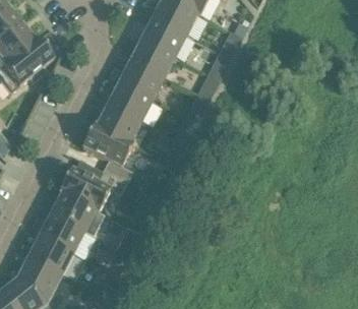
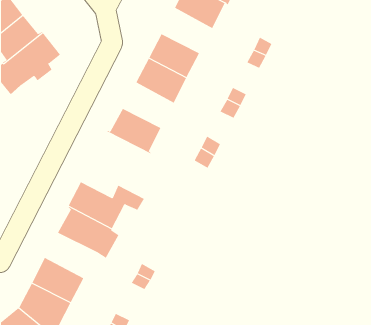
building: [140,16,185,56] -> none
building: [107,81,152,121] -> none
building: [81,124,132,183] -> none
building: [39,212,84,252] -> none

